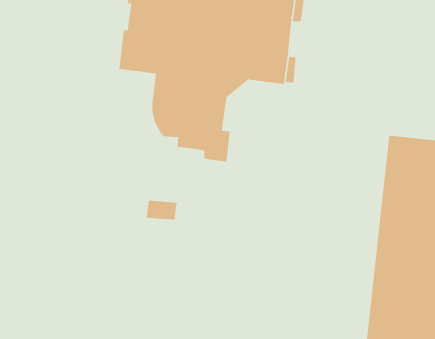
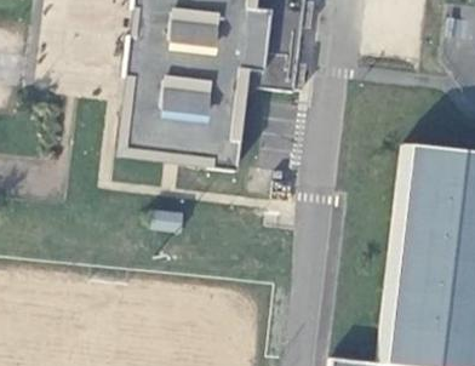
building: none -> [128,75,189,154]

